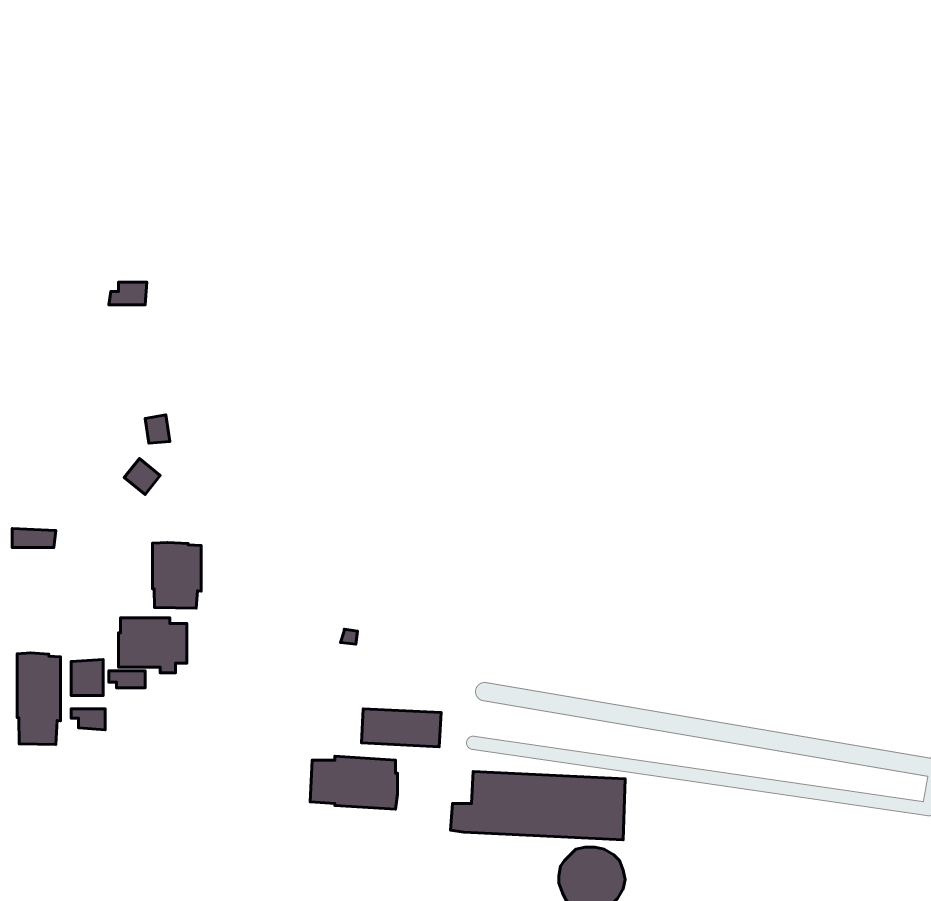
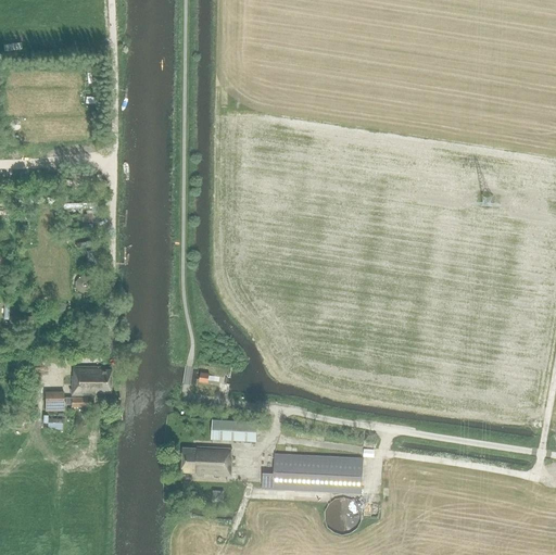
building: [152,542,201,608] -> none
building: [17,653,60,744] -> none

